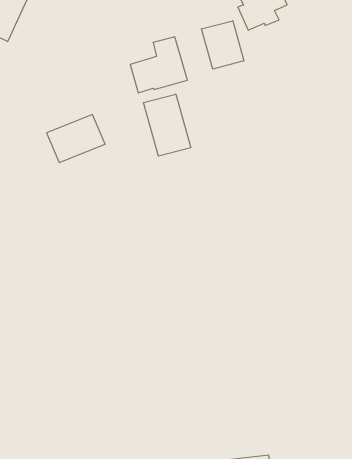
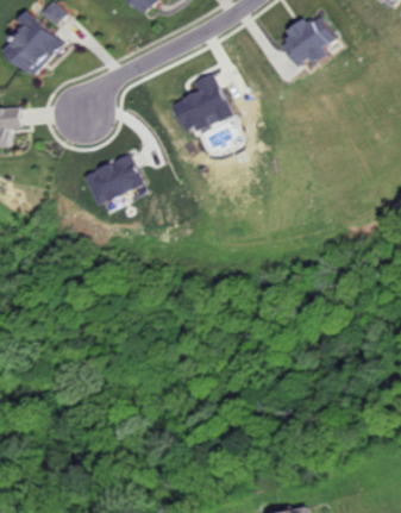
building: [202,21,244,69] -> none
building: [144,94,191,156] -> none

